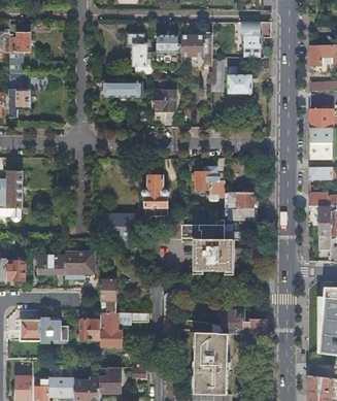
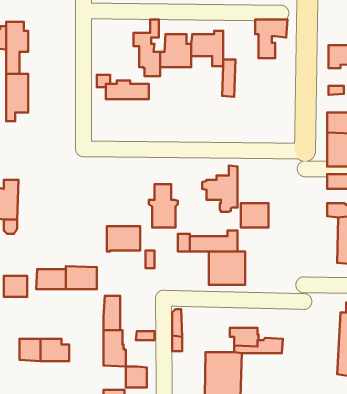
building: [228,67,251,94] -> none
building: [153,91,175,110] -> none
building: [80,319,100,338] -> [126,367,147,388]

